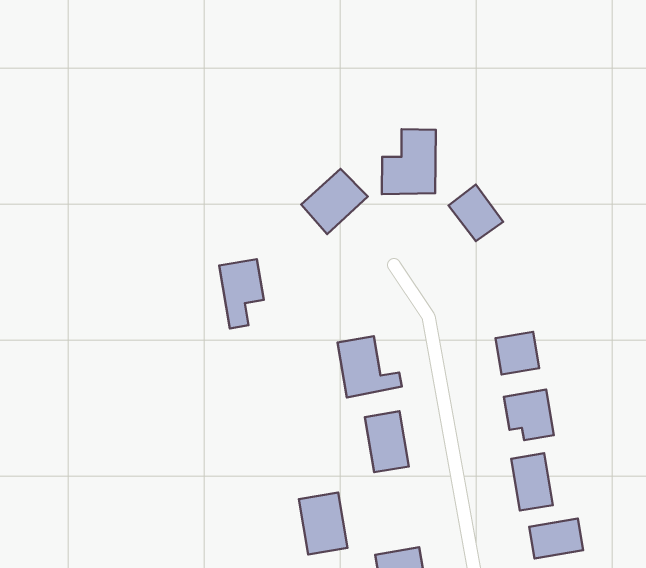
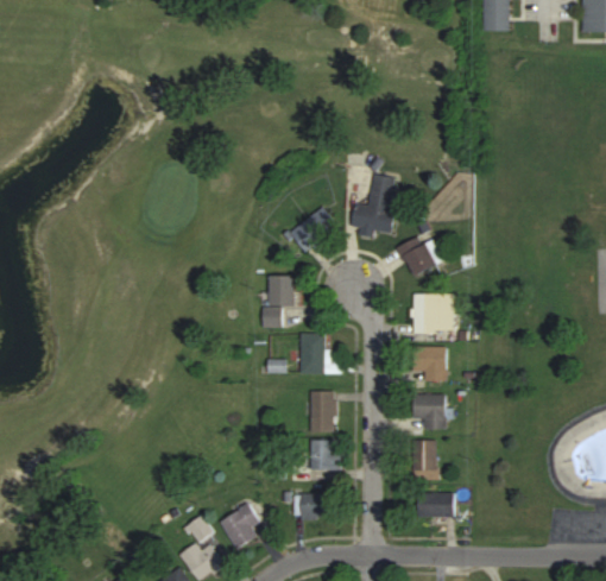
building: none -> [412,293,454,334]
building: [219,259,264,328] -> [267,276,296,323]
building: [299,493,347,554] -> [308,440,337,481]

